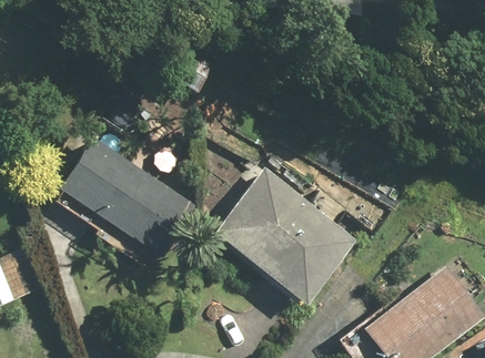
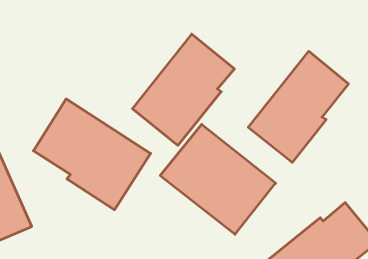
building: none -> [132,34,234,145]
building: none -> [248,51,348,162]

